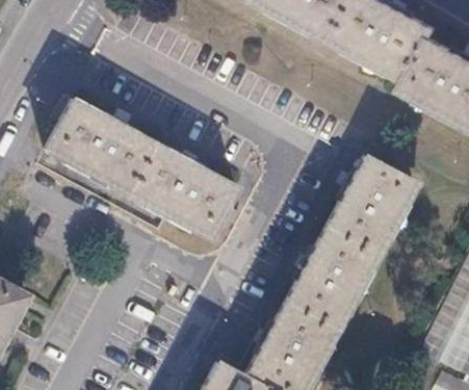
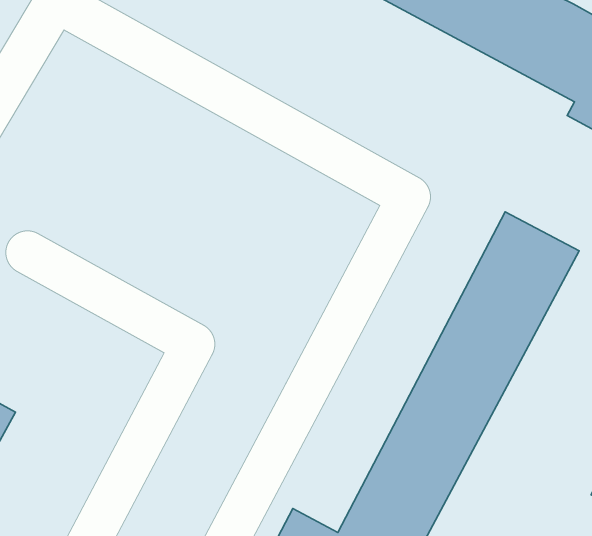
building: [47,100,238,238] -> none

